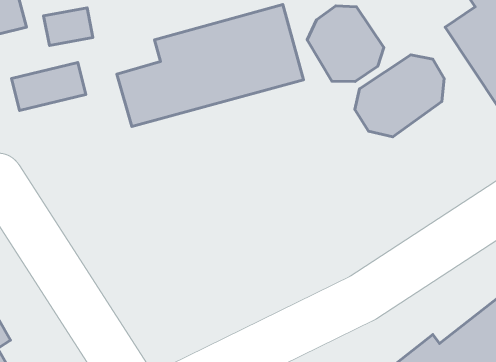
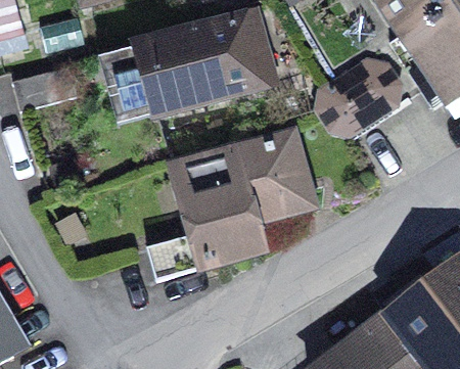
building: [307,6,384,82] -> none
building: none -> [150,136,311,277]

